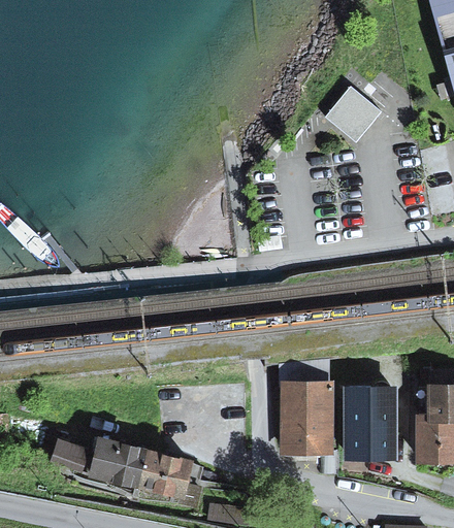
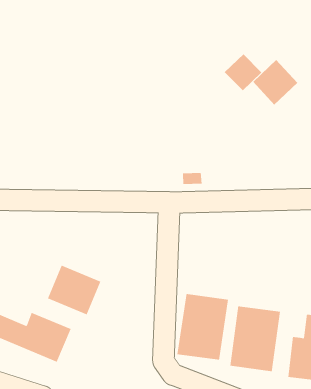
building: none -> [224,53,262,91]
building: [139,442,201,498] -> [47,265,101,315]

